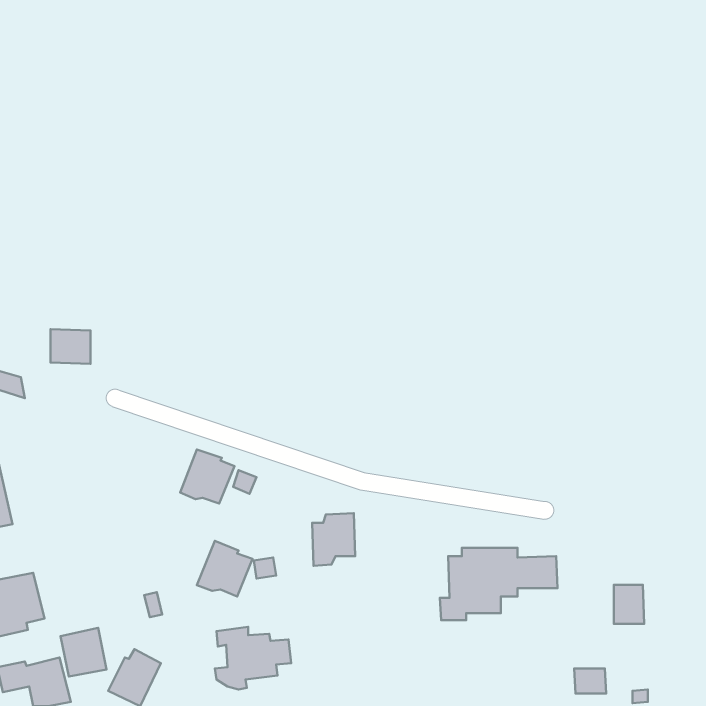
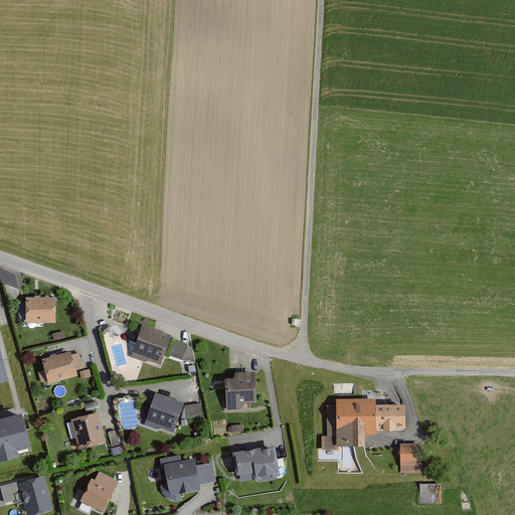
building: [50,329,91,364] -> [25,297,54,322]
building: none -> [36,351,80,383]
building: [614,585,644,624] -> [397,444,419,472]
building: none -> [232,447,278,482]
building: [61,628,106,676] -> [71,413,105,449]

